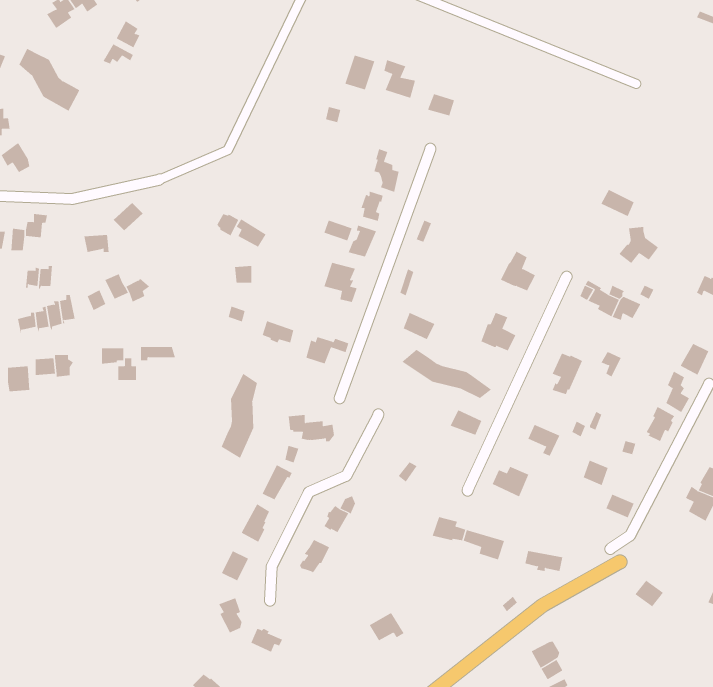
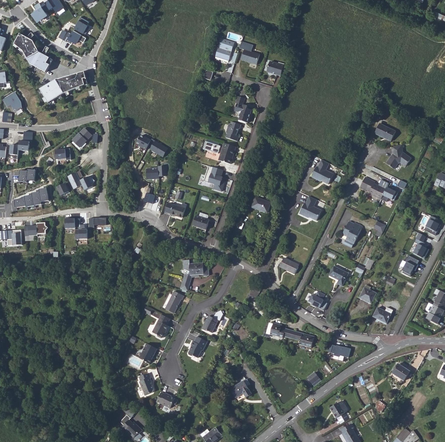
building: none -> [39,72,87,103]
building: [401,349,492,399] -> none
building: [221,373,258,459] -> none

